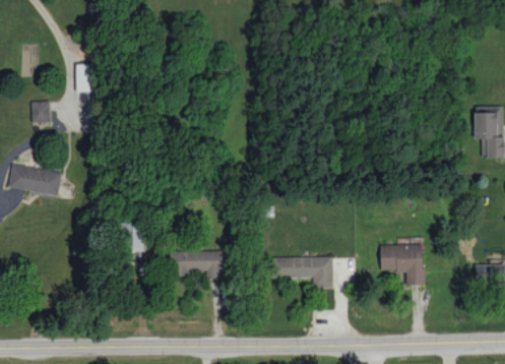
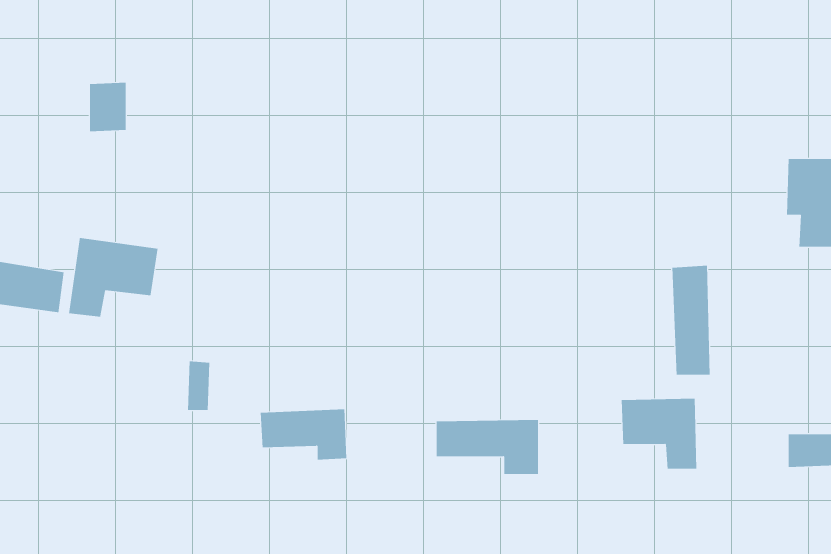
building: [31,101,51,122] -> none
building: none -> [69,237,158,318]
building: none -> [672,265,710,376]

